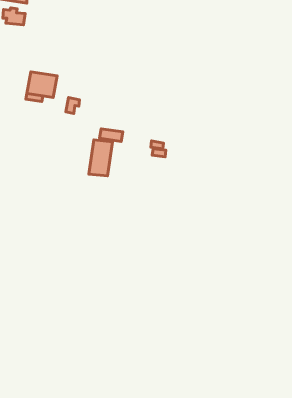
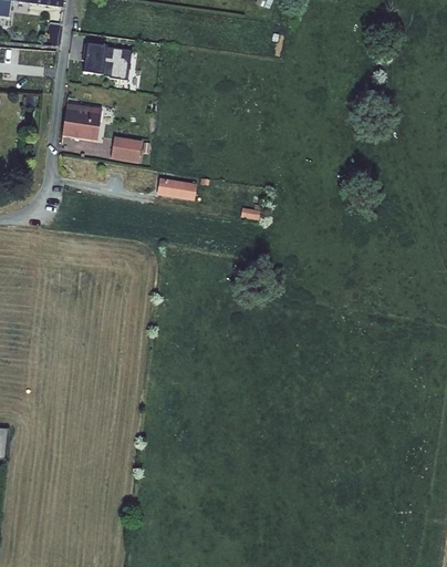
building: none -> [77,44,126,79]
building: [89,140,112,176] -> none

